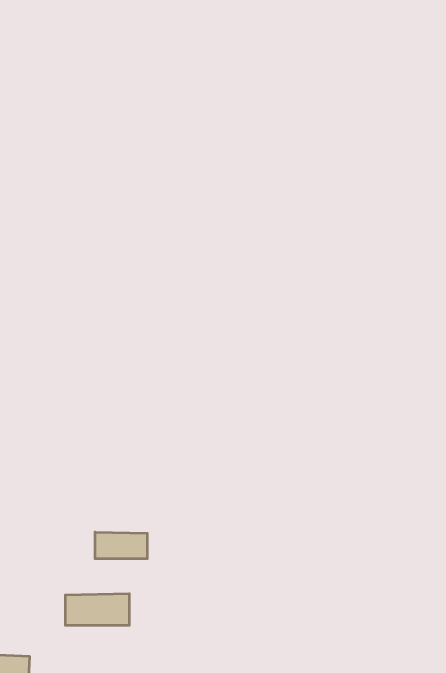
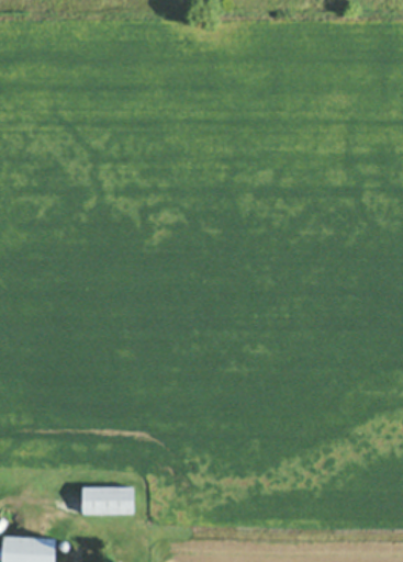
building: [95,532,147,559] -> none

